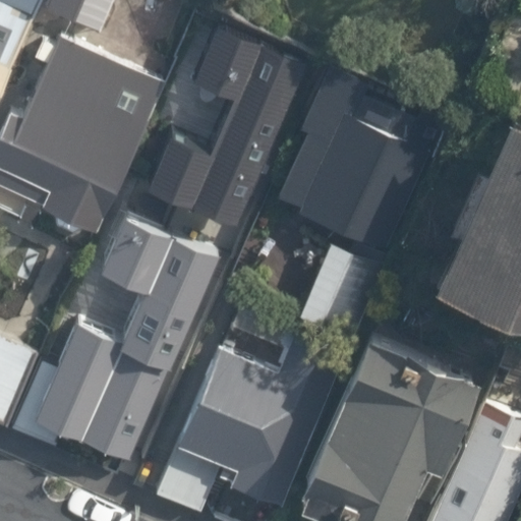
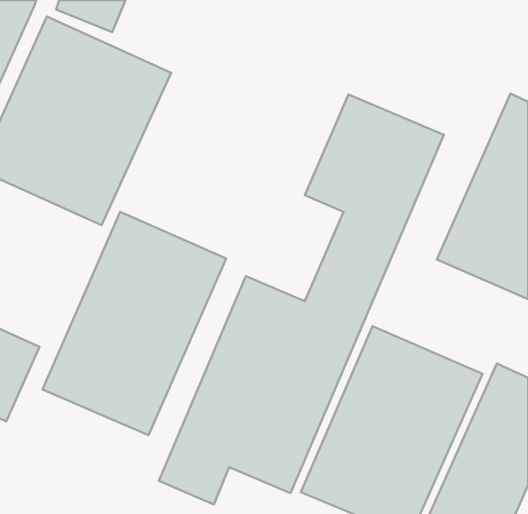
building: [142,28,302,227] -> none

